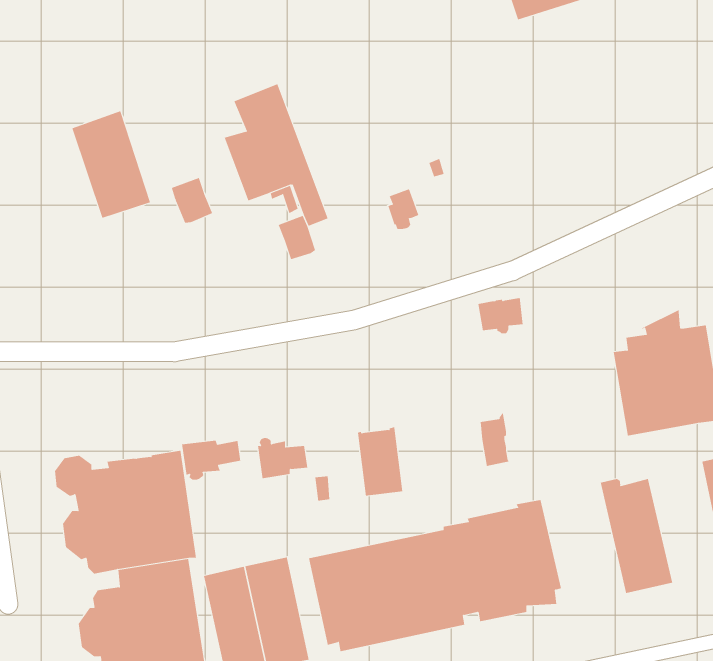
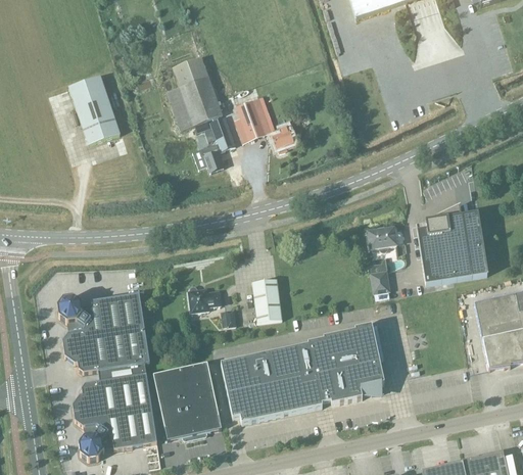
building: none -> [234,97,271,141]
building: [171,177,213,224] -> none
building: [478,297,524,334] -> [367,227,396,250]
building: [480,412,510,466] -> [370,257,389,292]
building: [182,440,241,481] -> none
building: [600,478,673,594] -> none

